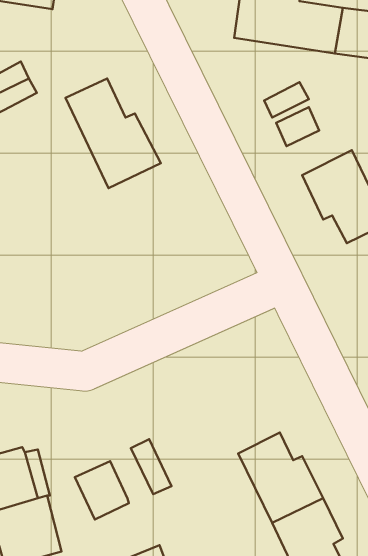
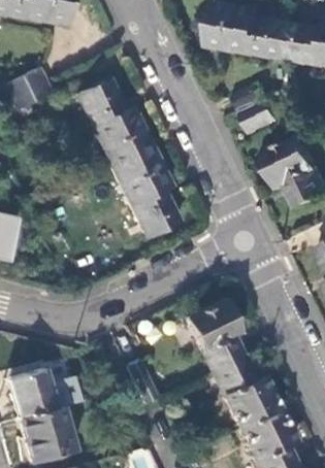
building: none -> [113,147,182,238]
building: none -> [188,301,249,376]
building: [75,461,129,519] -> none

